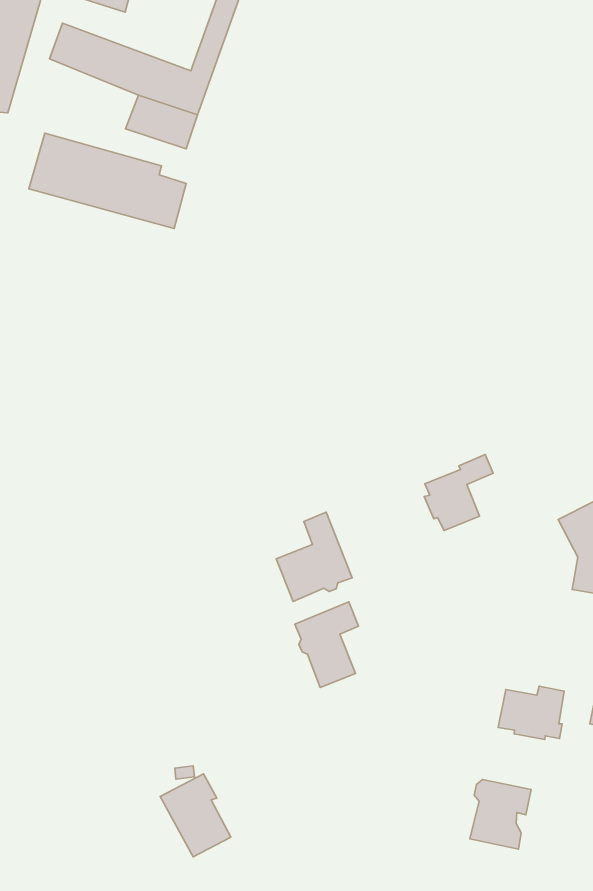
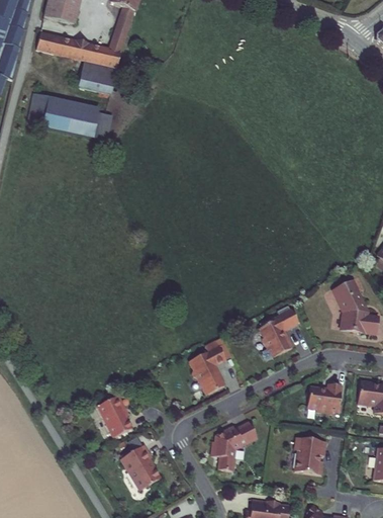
building: [424,455,493,531] -> [261,309,298,352]
building: [276,512,352,602] -> none
building: none -> [96,395,130,437]
building: none -> [210,421,256,467]

